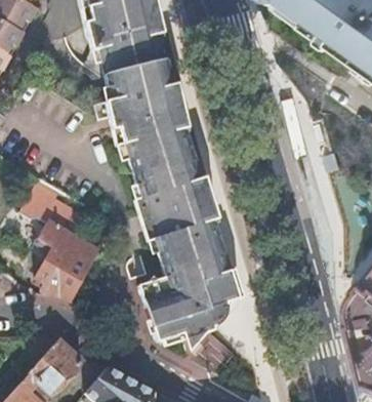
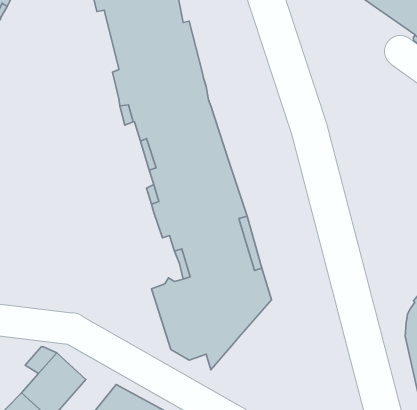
building: [12,176,96,299] -> none

